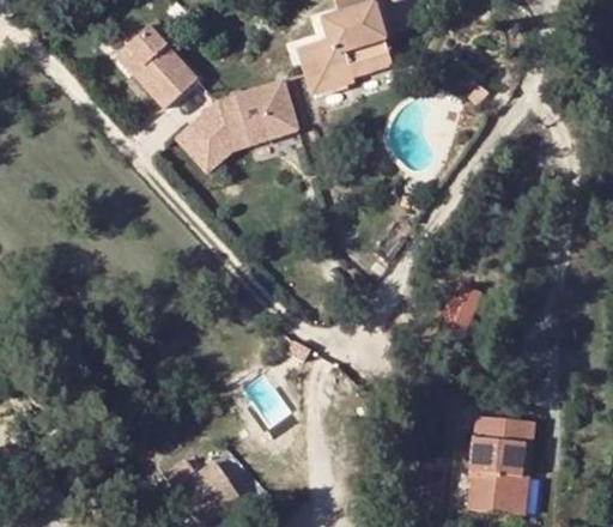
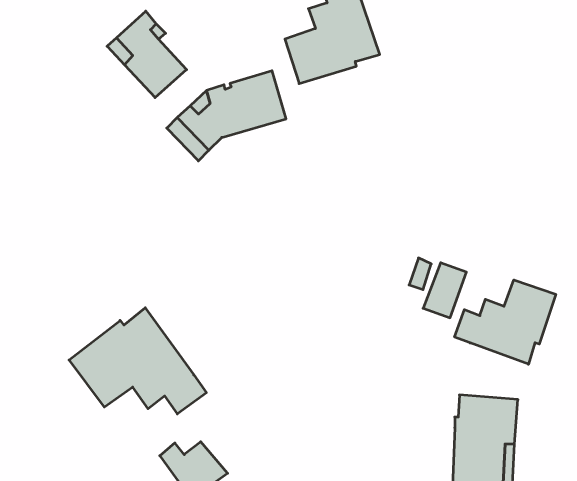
building: none -> [455,280,556,364]
building: none -> [69,308,206,414]

